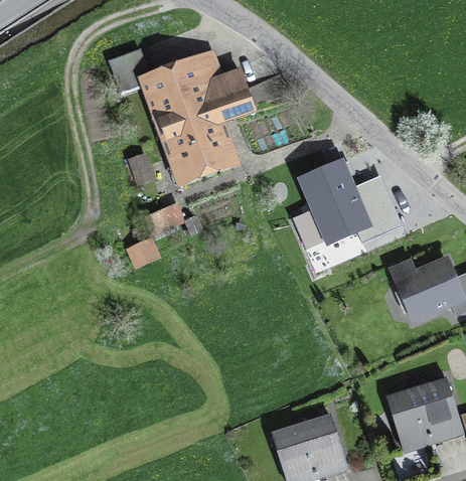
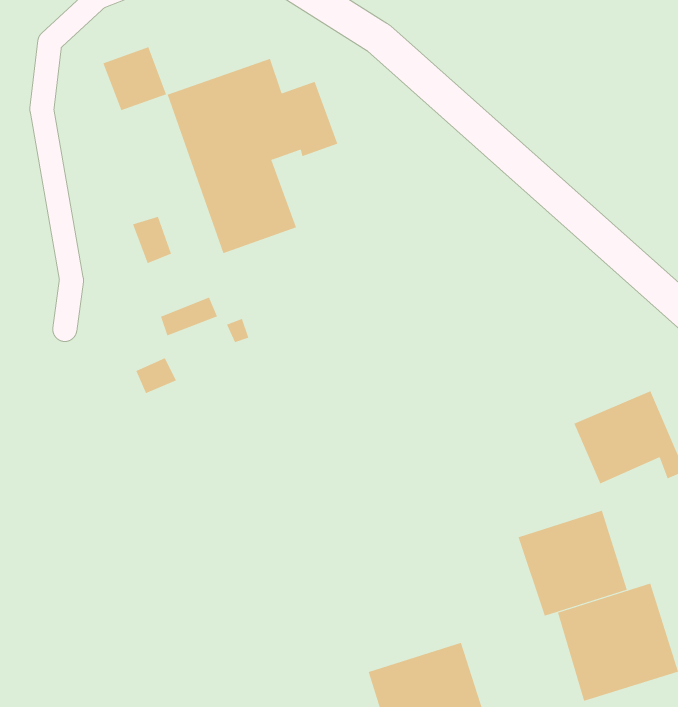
building: [298,154,403,243] -> none
building: none -> [518,510,628,616]

